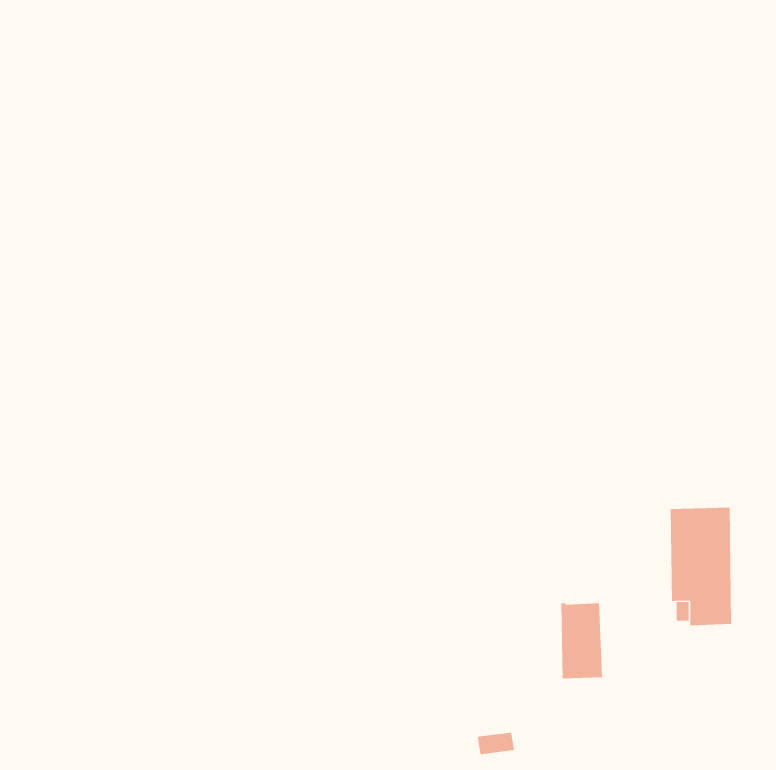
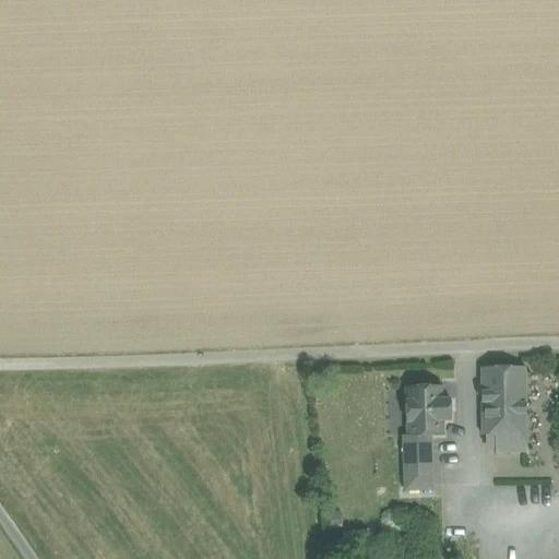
building: none -> [406,383,451,435]

